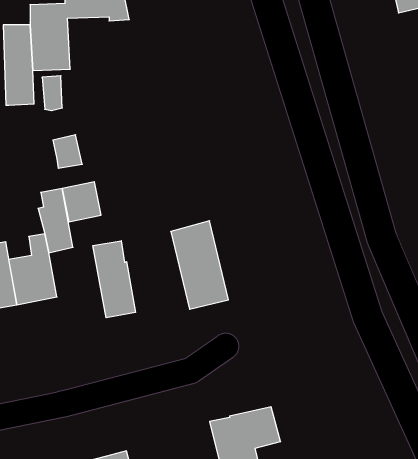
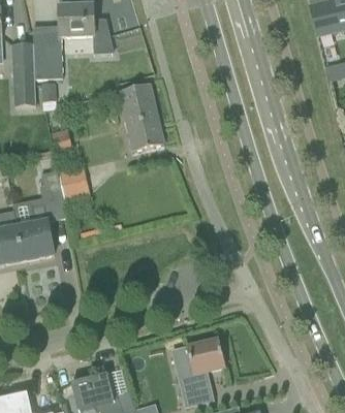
building: [171,221,228,309] -> [119,82,163,150]
building: [93,241,135,318] -> none

